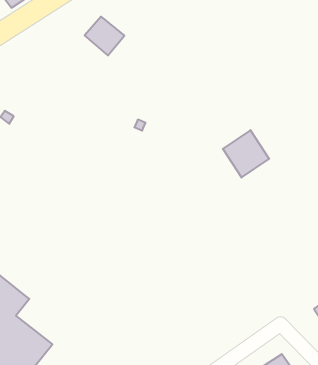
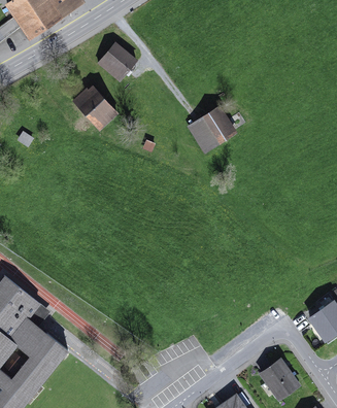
building: none -> [74,86,116,129]
building: [223,130,269,178] -> [191,107,234,151]

